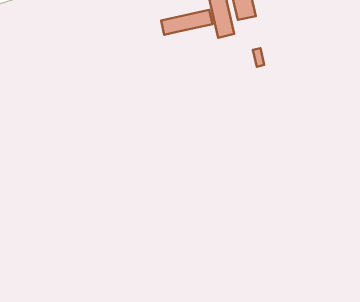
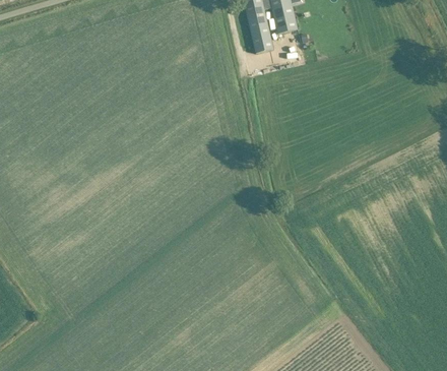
building: [161,10,212,35] -> none

